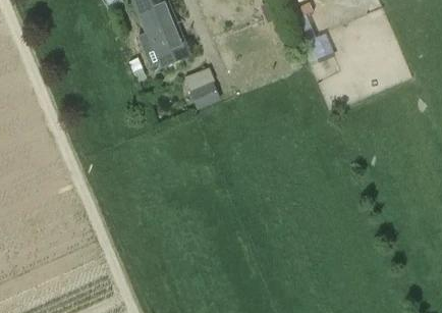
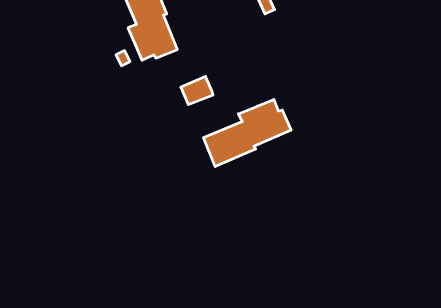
building: none -> [204,99,291,167]

